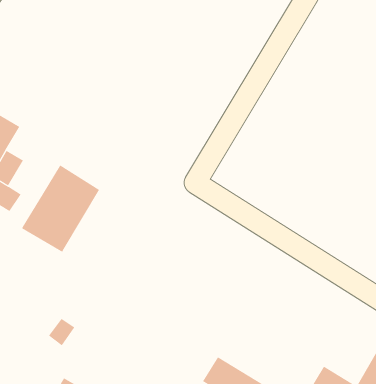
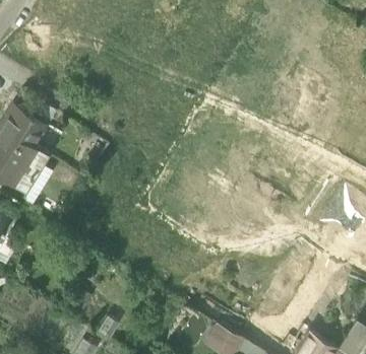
building: [22,165,100,253] -> none

